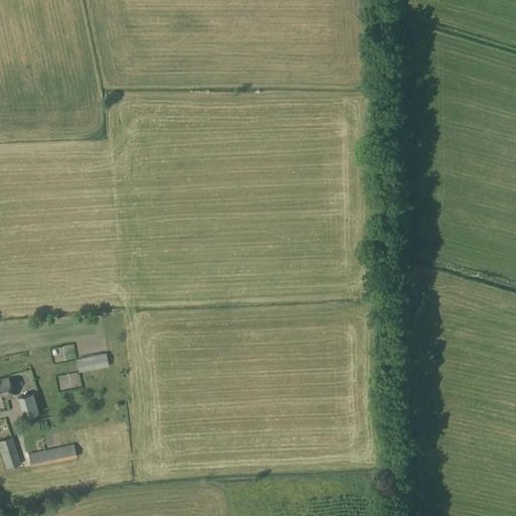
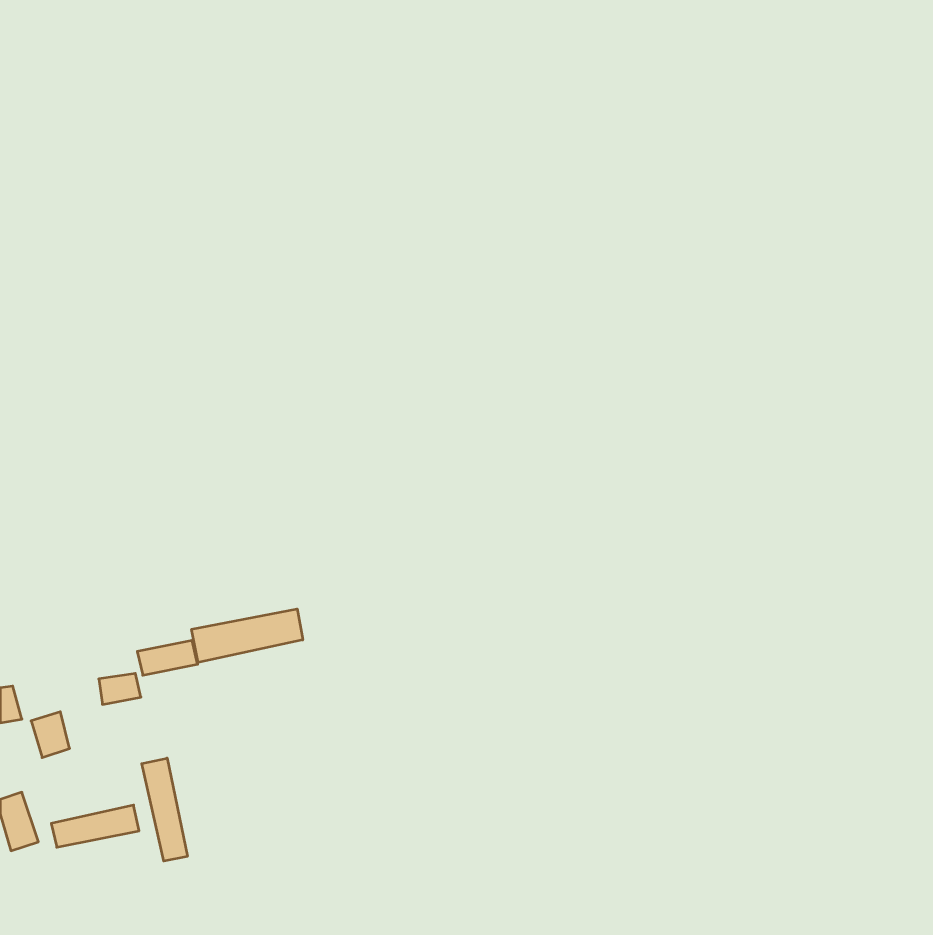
building: none -> [192,609,303,662]
building: none -> [142,758,187,861]

